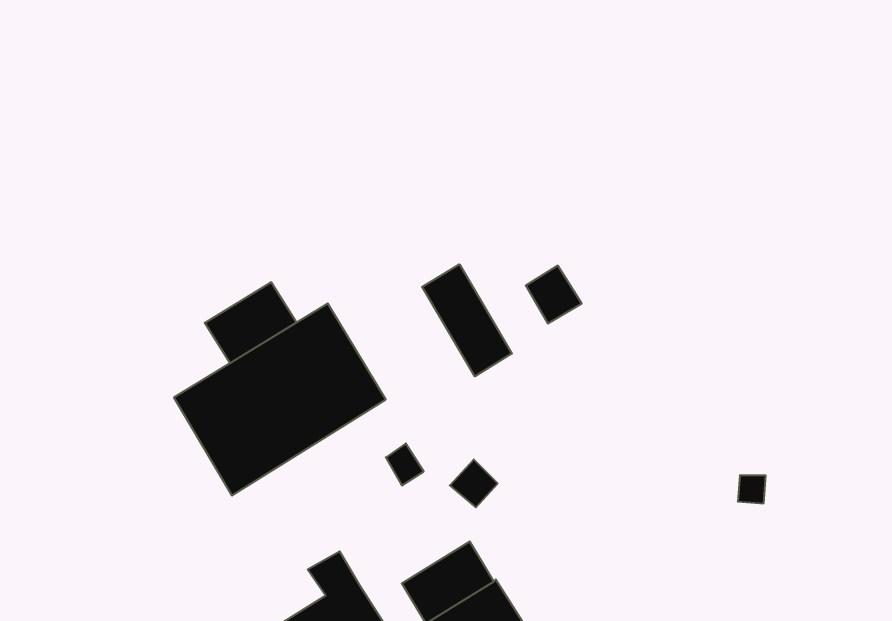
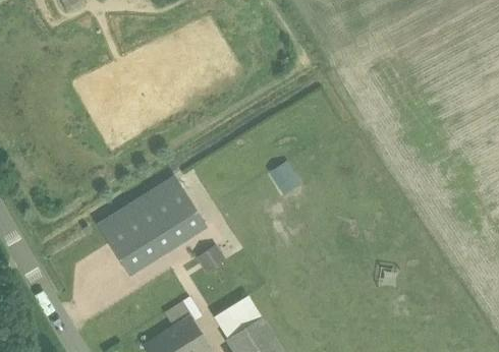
building: [422,264,512,376] -> none
building: [205,282,296,363] -> none

